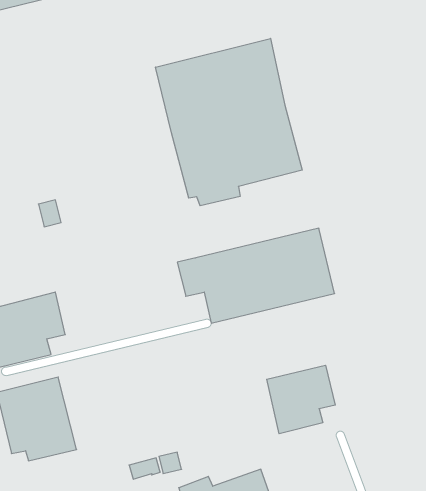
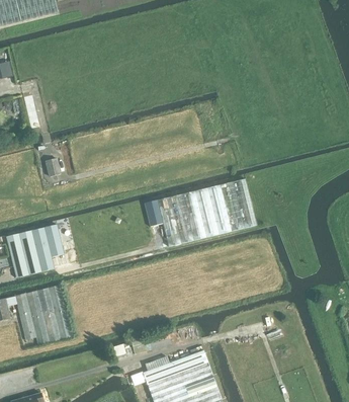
building: [156,38,302,206] -> none
building: [267,365,335,434] -> none

